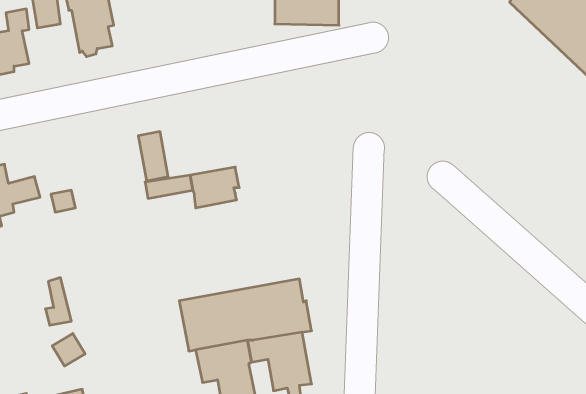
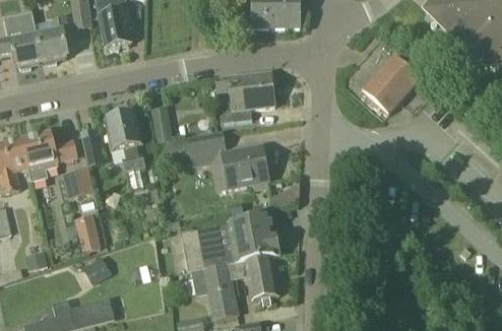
building: none -> [362,55,420,114]
building: none -> [217,71,274,122]
building: none -> [106,113,144,171]
building: none -> [222,144,268,188]
building: none -> [63,169,93,198]

